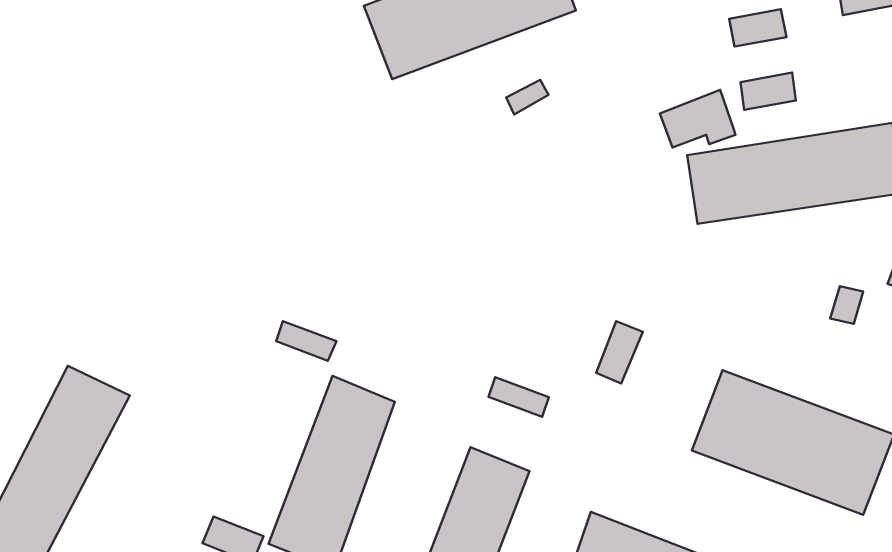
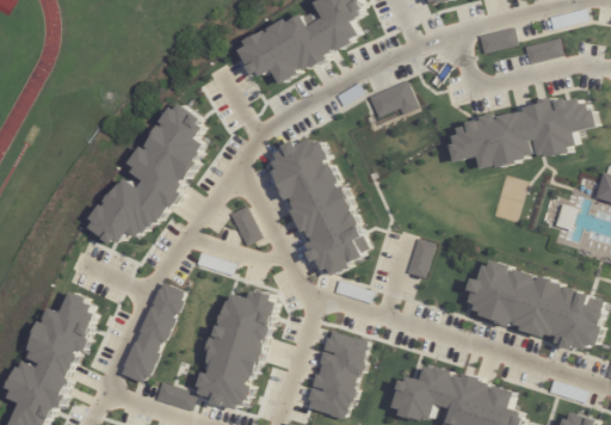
building: [740,73,796,110] -> [523,38,560,64]
building: [660,90,735,147] -> [365,79,415,118]
building: none -> [88,104,211,250]
building: none -> [271,137,369,270]
building: none -> [229,207,259,246]
building: none -> [121,282,184,381]

